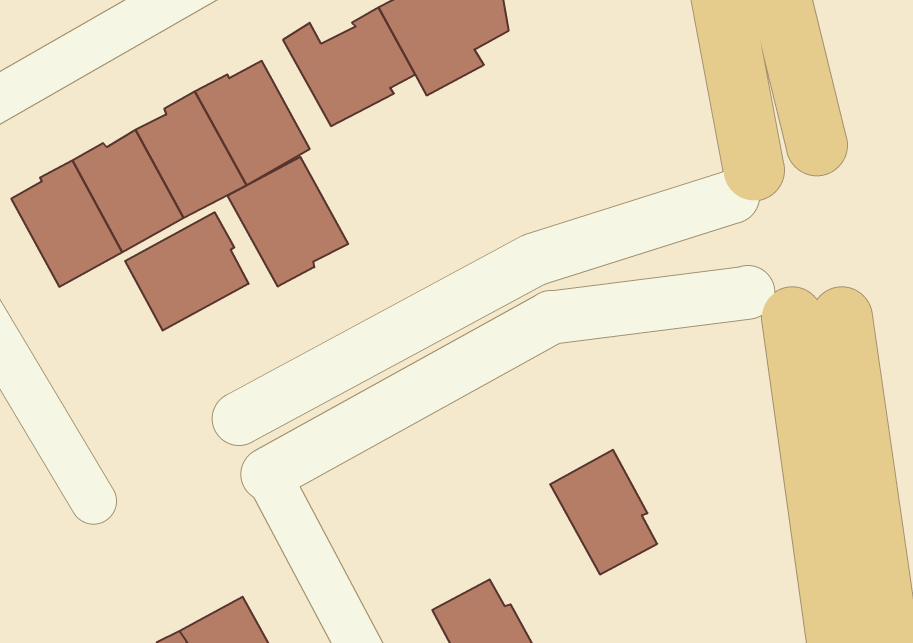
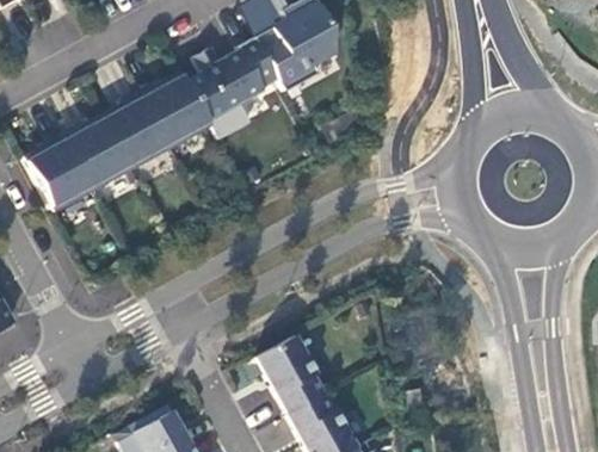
building: [228,157,348,287] -> none
building: [125,212,249,331] -> none
building: [550,450,657,574] -> [257,335,323,413]

